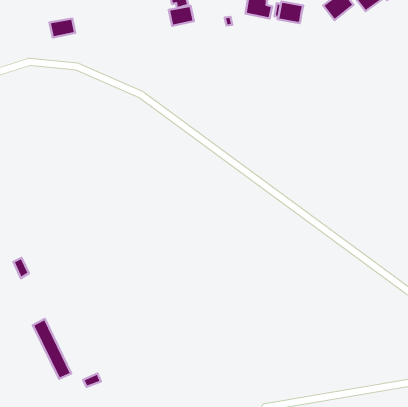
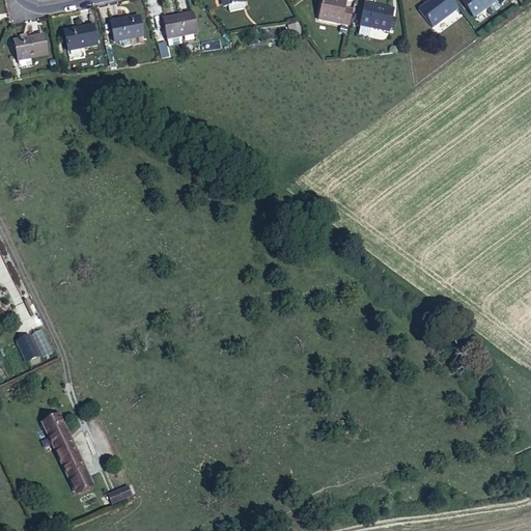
building: [169,6,194,26] -> [165,11,197,37]
building: none -> [112,15,143,39]
building: none -> [16,33,48,58]

